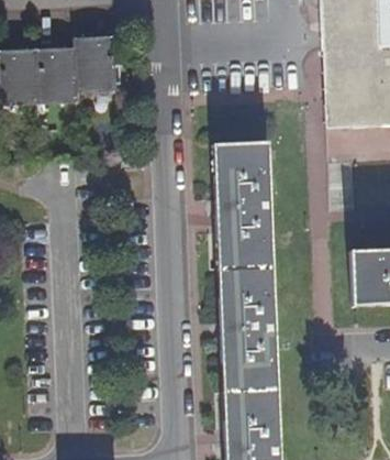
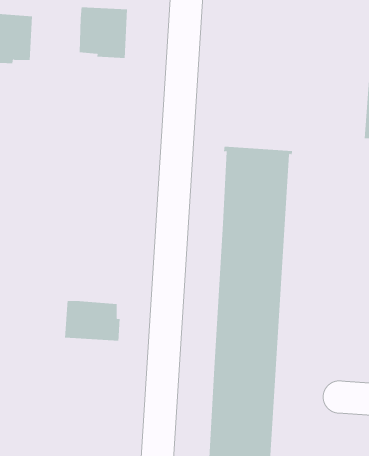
building: [40,50,81,92] -> none
building: none -> [65,300,120,341]

